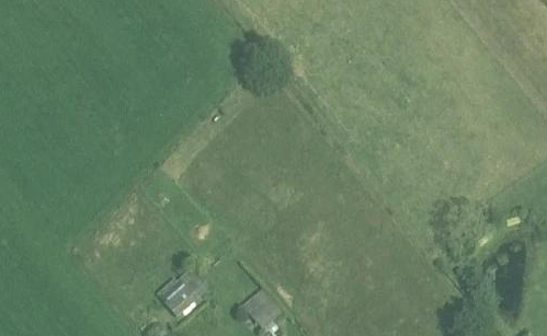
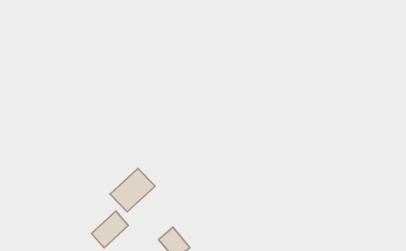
building: none -> [110,168,155,212]

